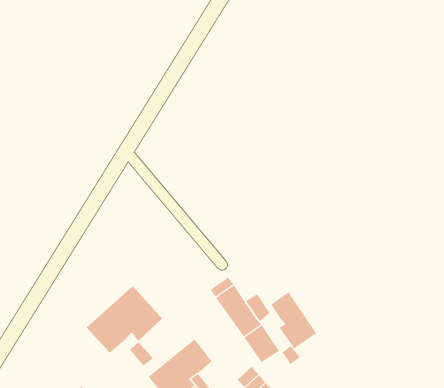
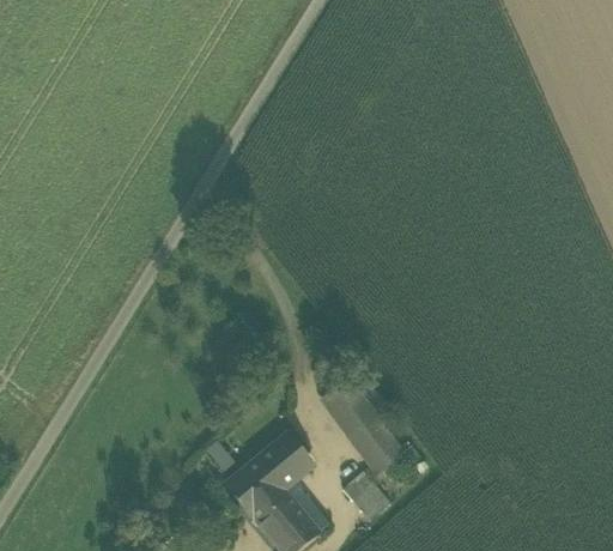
building: [86,285,163,354] -> none
building: [271,292,317,349] -> none

